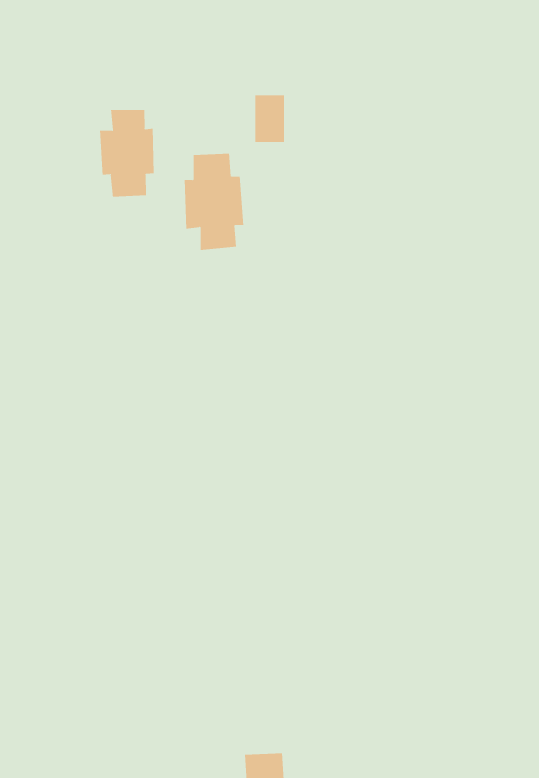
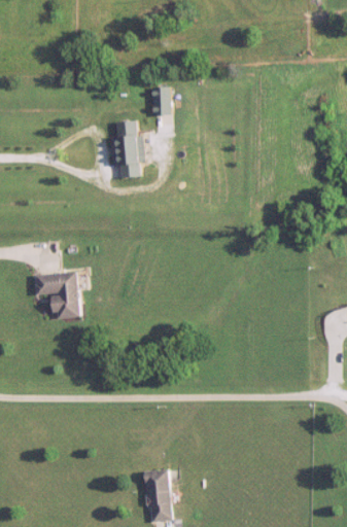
building: [99,109,154,198] -> none
building: none -> [35,273,80,318]

